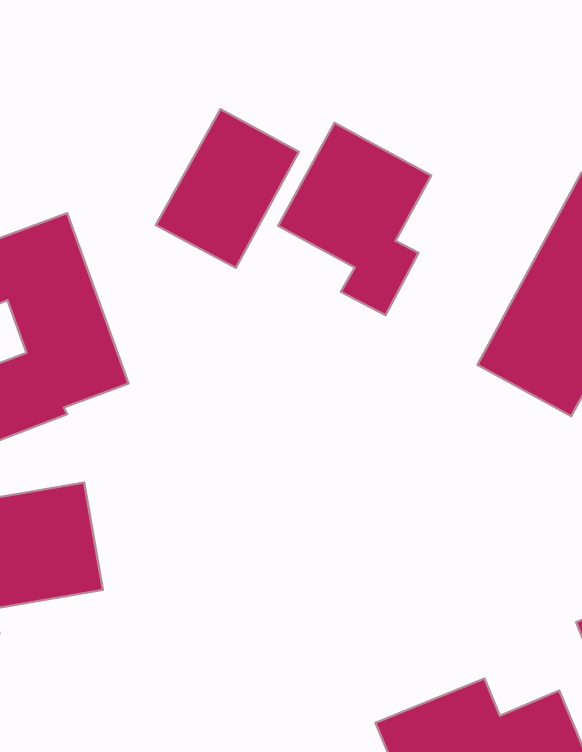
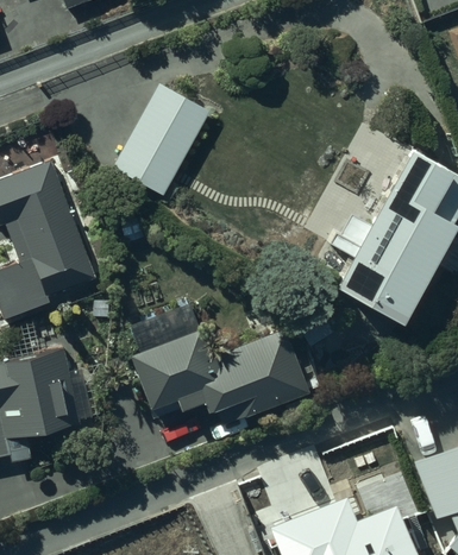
building: [278,123,431,315] -> none
building: none -> [134,338,310,436]

